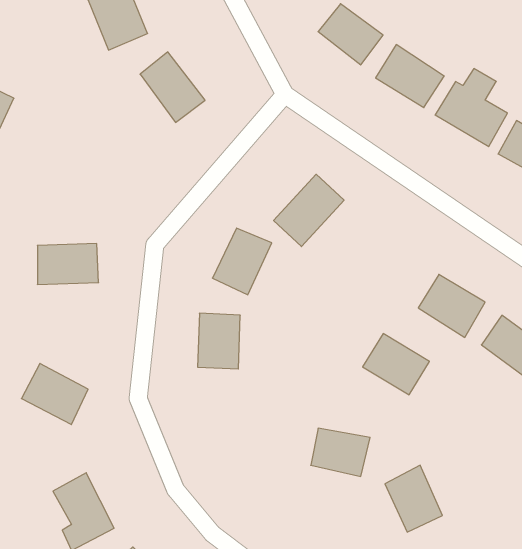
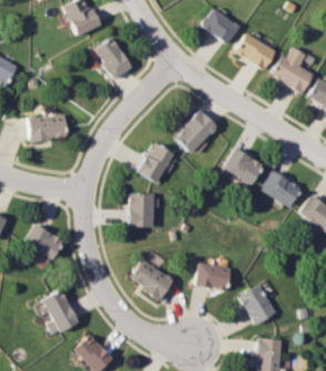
building: [37,244,99,284] -> [30,114,67,139]
building: [363,334,429,395] -> [223,148,263,184]
building: none -> [130,259,175,299]

